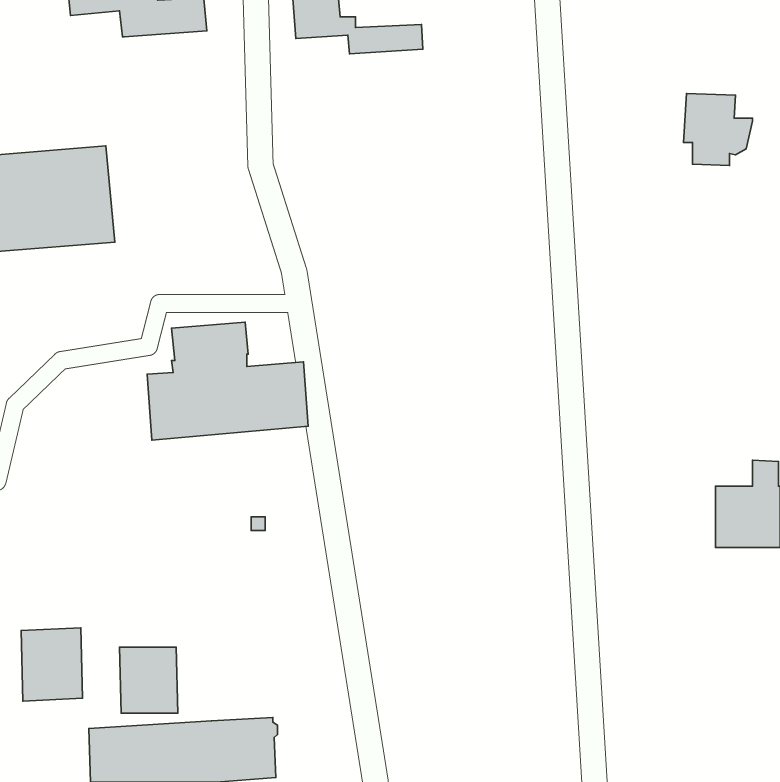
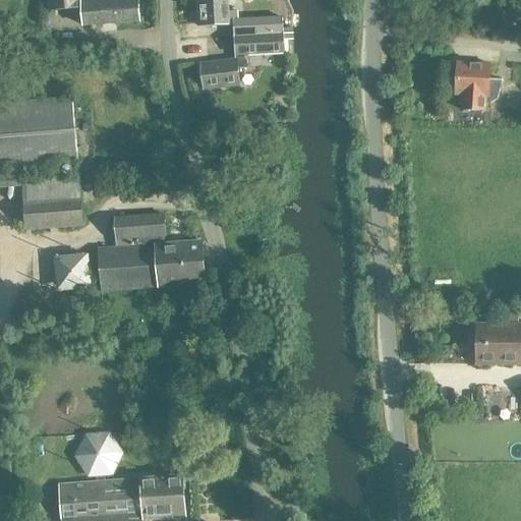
building: none -> [198,33,281,89]
building: none -> [20,174,82,229]
building: none -> [52,252,90,290]
building: [21,628,83,701] -> none

